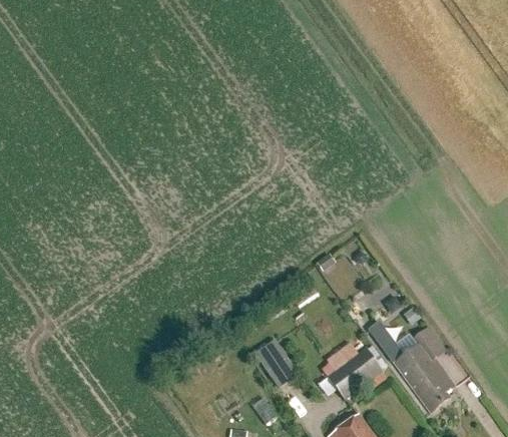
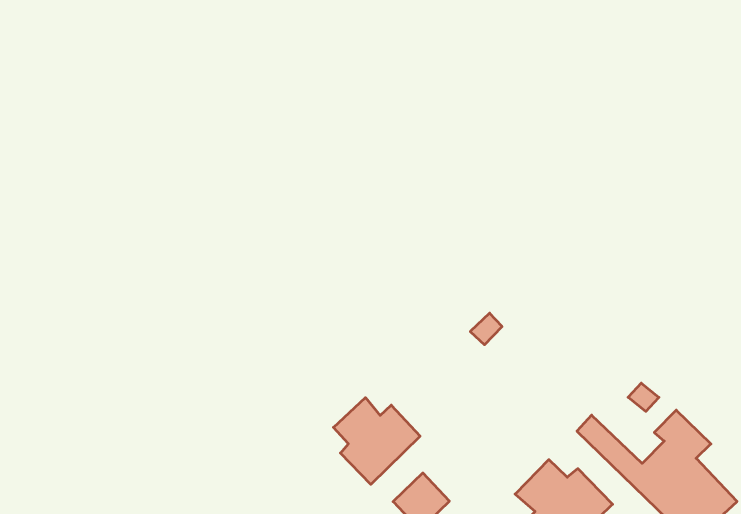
building: none -> [333,398,420,484]

